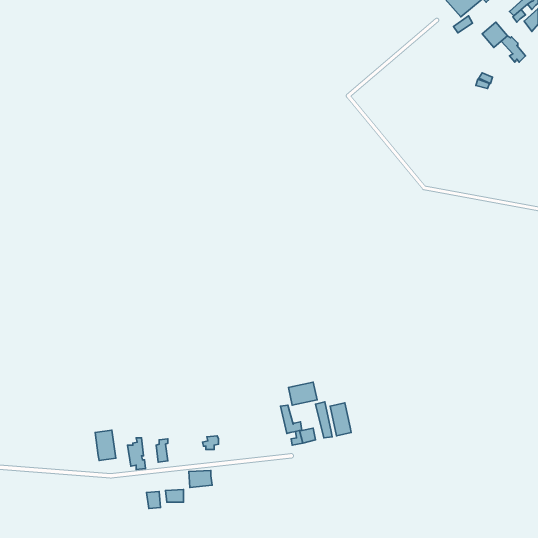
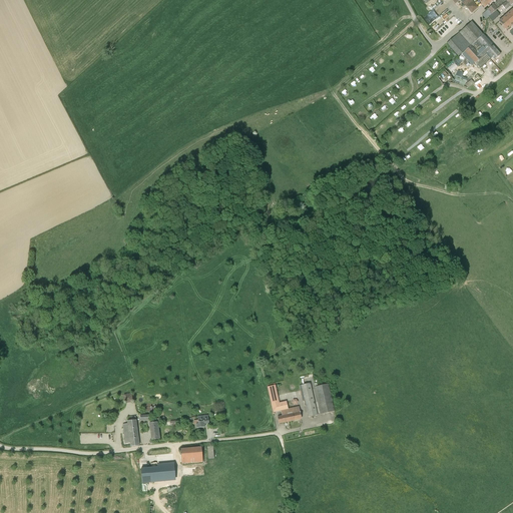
building: none -> [463,39,489,67]
building: [288,382,317,405] -> none
building: [95,430,116,461] -> none

